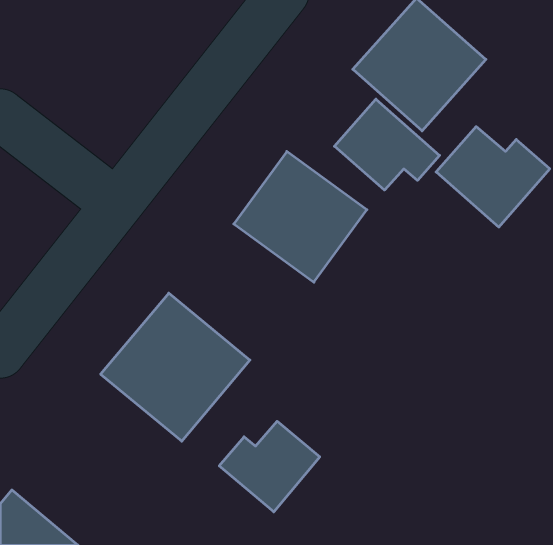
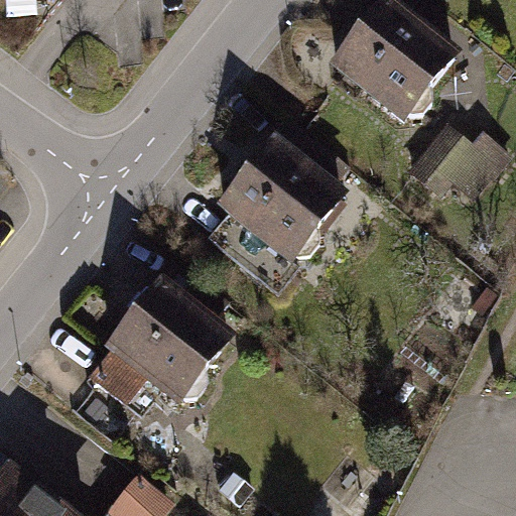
building: [334,99,440,190] -> none
building: [219,421,320,512] -> none

